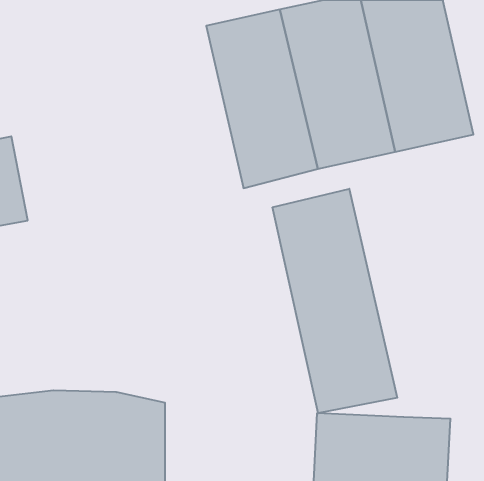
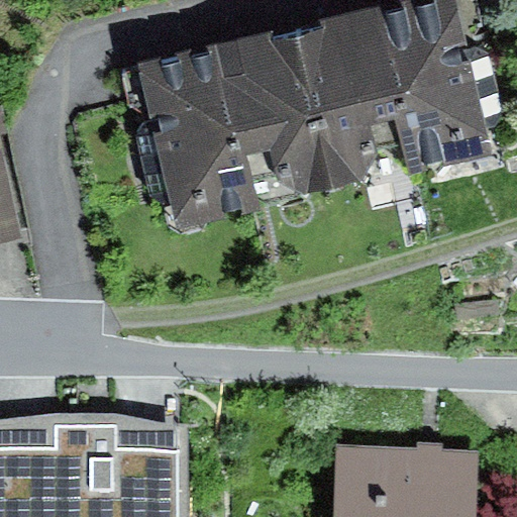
building: none -> [132,34,257,224]
building: [273,189,397,413] -> none

